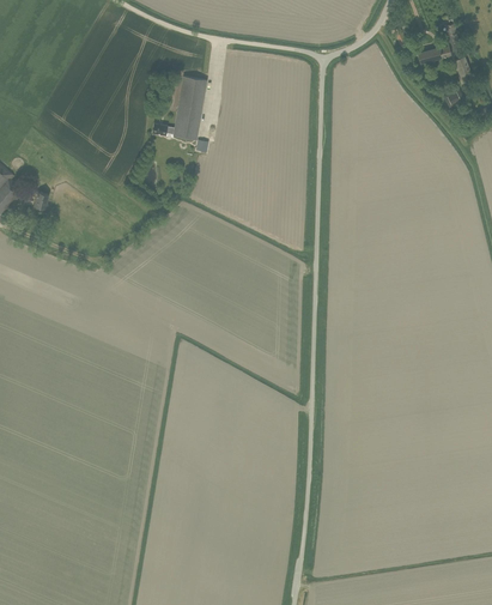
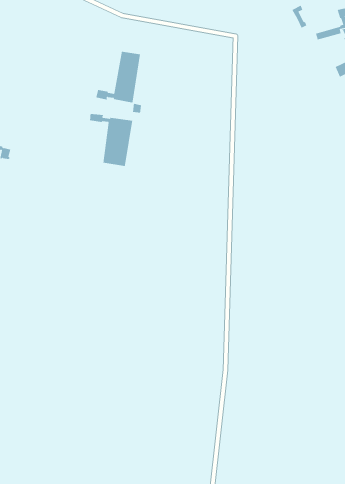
building: none -> [90,113,133,167]

